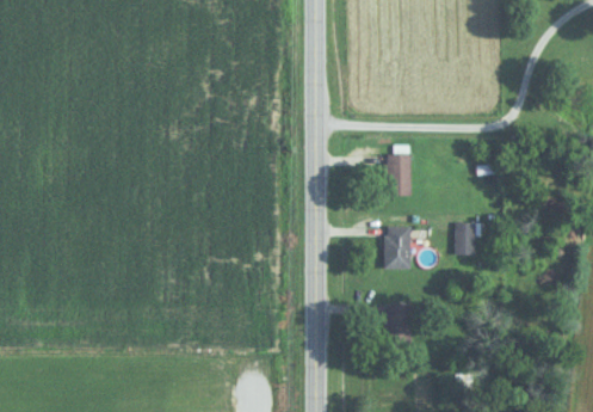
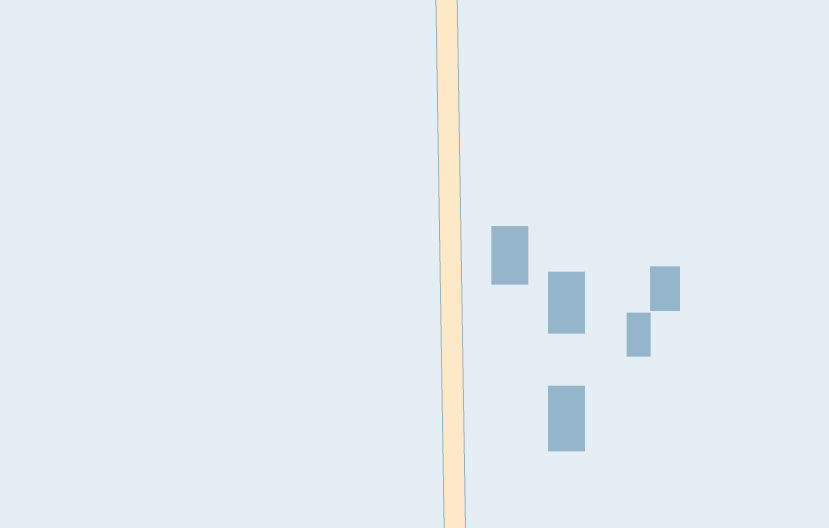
building: [385,154,412,195] -> [490,225,529,285]
building: none -> [626,312,651,357]

